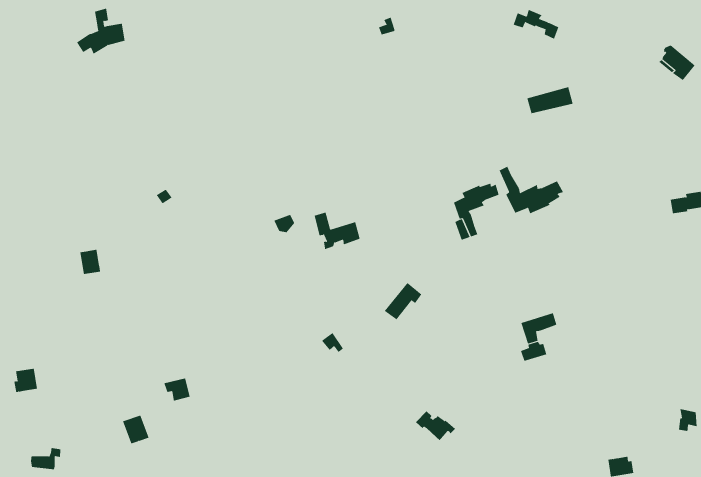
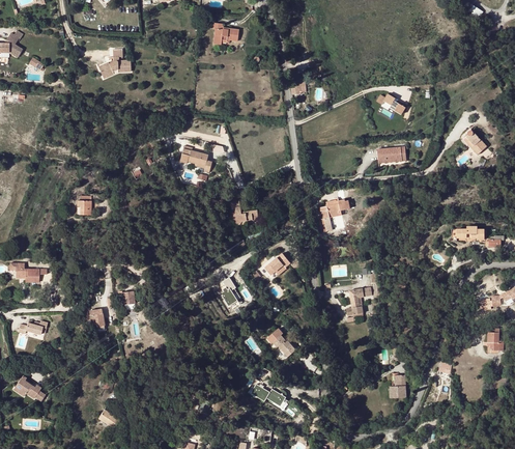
building: none -> [179,145,211,172]
building: [499,166,564,214] -> none

